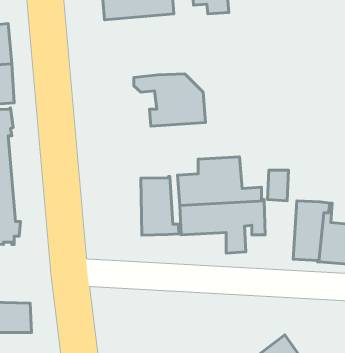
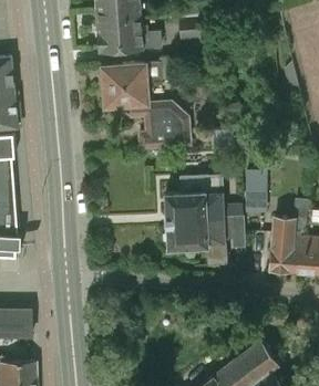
building: none -> [102,58,171,106]
building: [141,177,179,235] -> none

